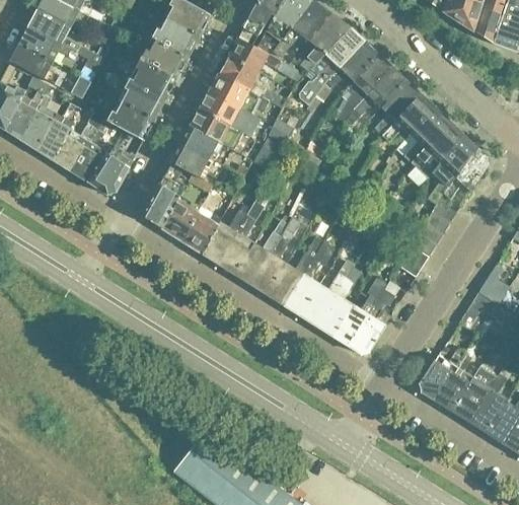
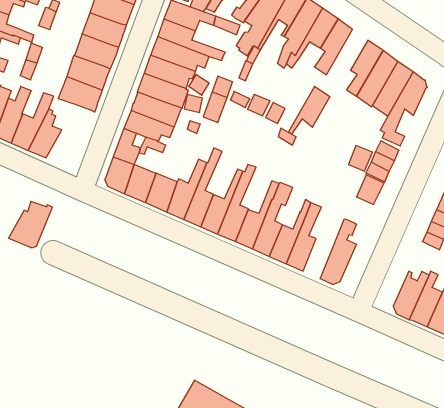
building: [385,94,433,140] -> [289,86,330,134]
building: [85,145,135,193] -> [9,201,52,248]
building: [331,277,386,345] -> none

